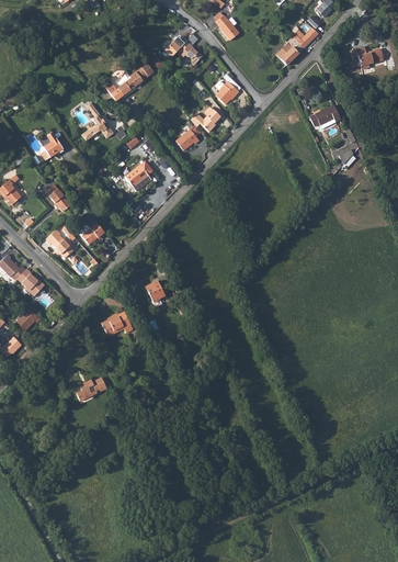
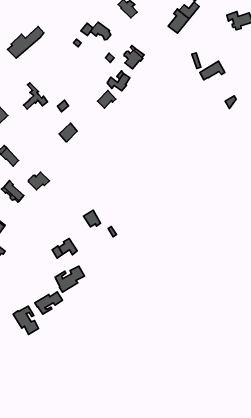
building: [105,63,153,100] -> [8,27,44,58]
building: none -> [55,266,84,292]
building: none -> [13,306,39,334]

